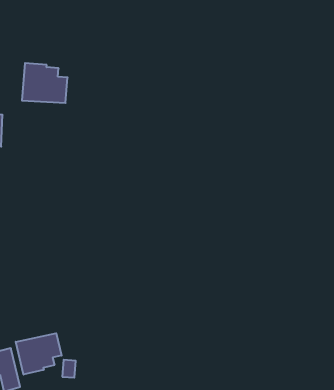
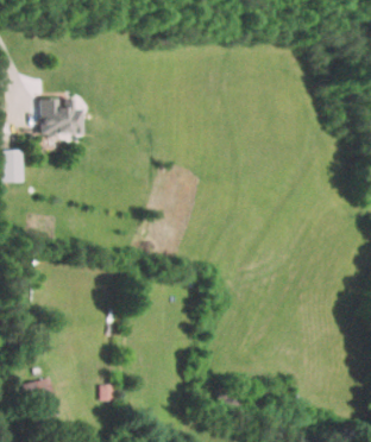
building: [16,333,62,375] -> none

